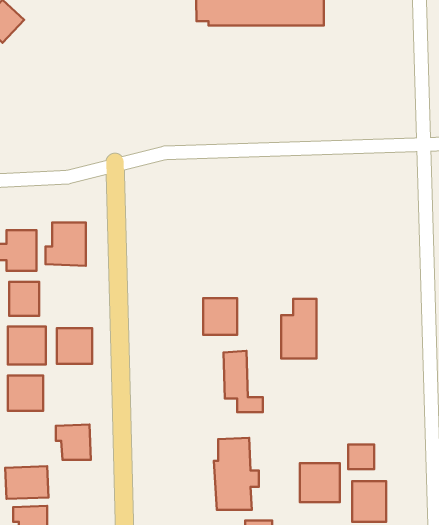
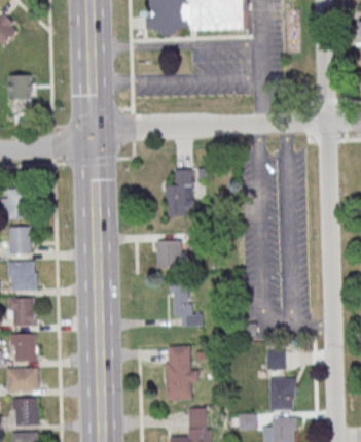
building: none -> [9,74,32,112]
building: [46,223,86,266] -> none
building: [281,299,316,359] -> [165,170,191,215]
building: [57,328,92,364] -> none
building: [56,425,91,460] -> [9,333,36,360]
building: [300,463,340,502] -> none

